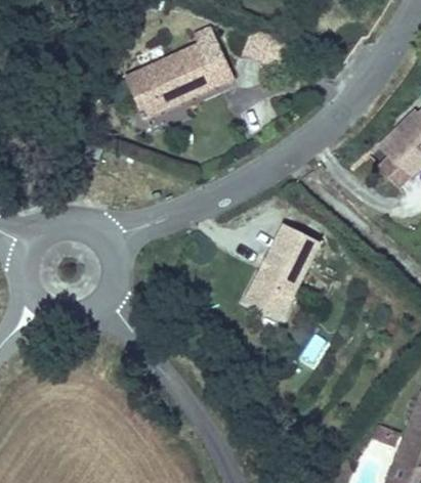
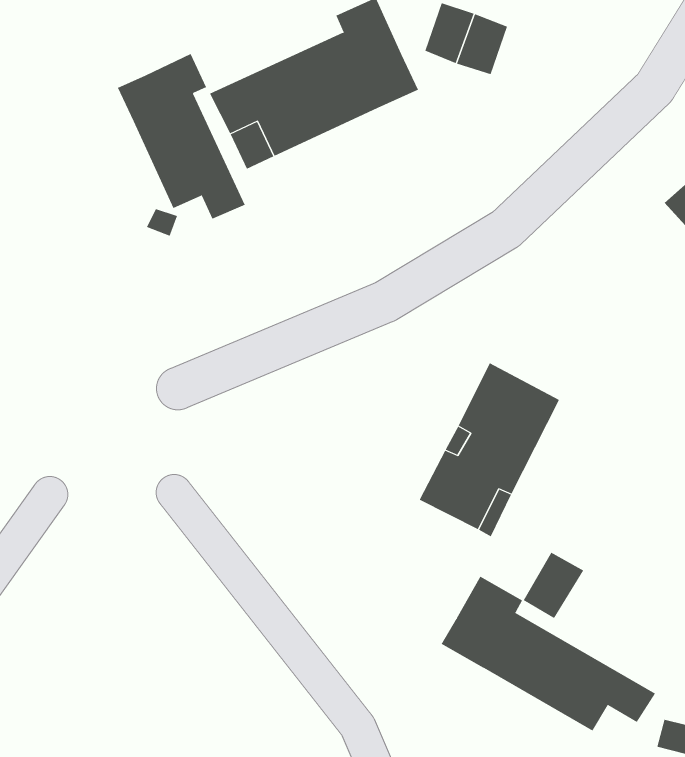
building: none -> [117,53,245,219]
building: none -> [441,576,656,732]

